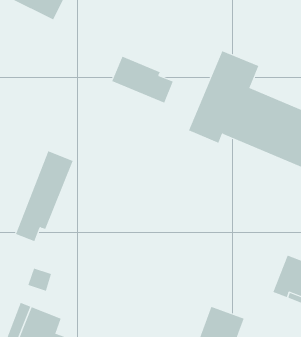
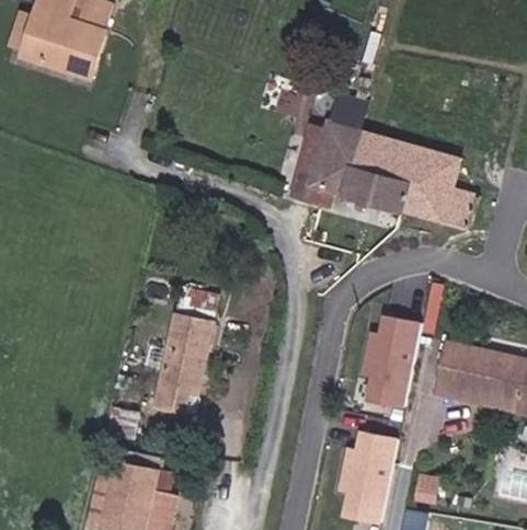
building: [111,56,174,103] -> none
building: [15,150,73,242] -> [154,290,217,414]
building: none -> [363,312,421,405]

